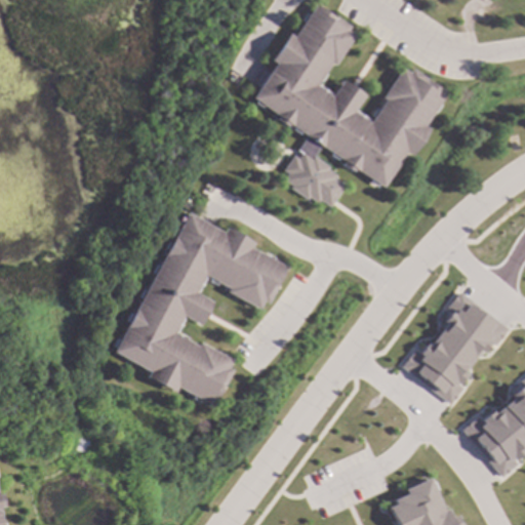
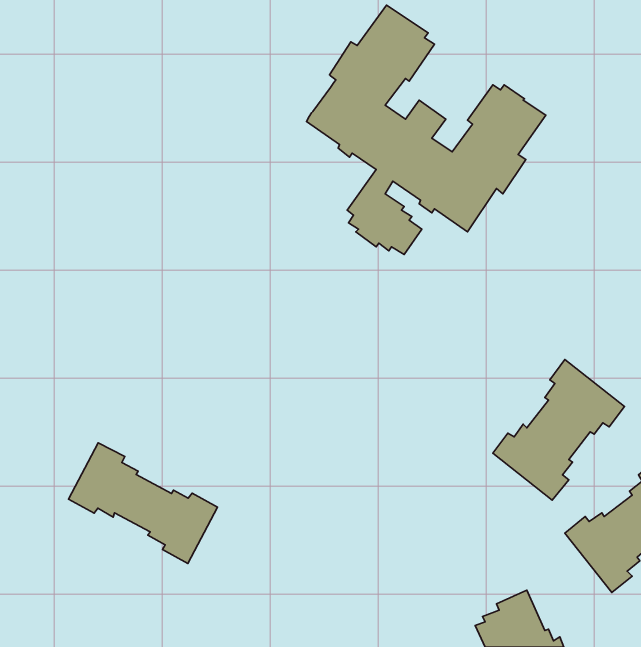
building: [115,213,289,406] -> none
building: none -> [69,443,217,564]

